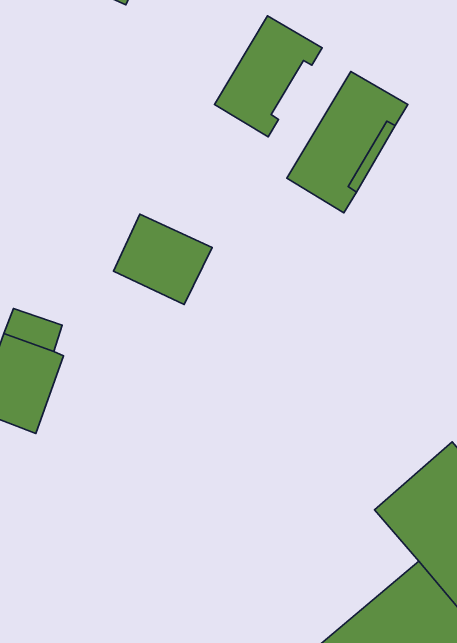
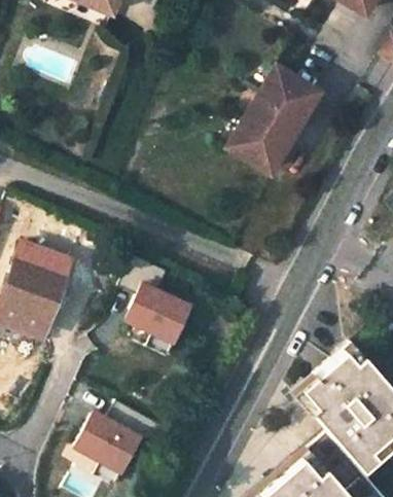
building: [215,16,322,137] -> none
building: [113,214,212,304] -> [117,277,190,344]
building: none -> [70,407,141,471]

